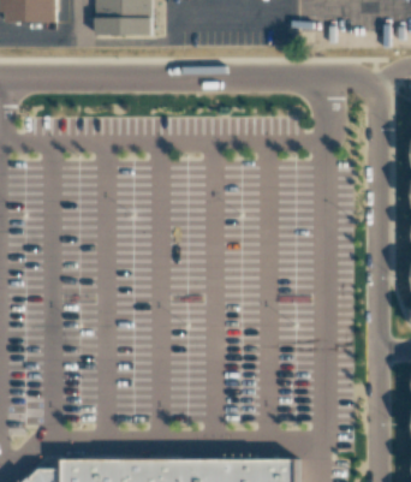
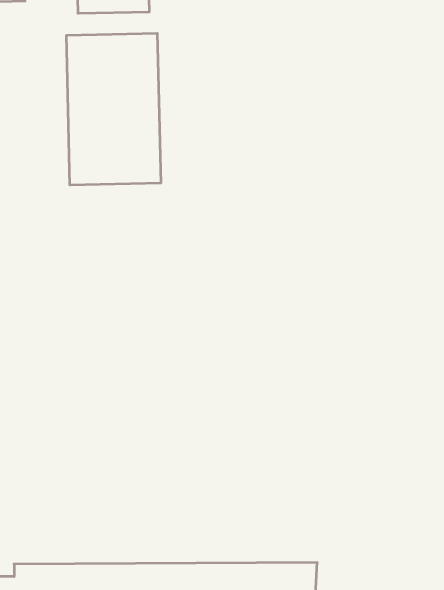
building: none -> [67,33,161,185]

